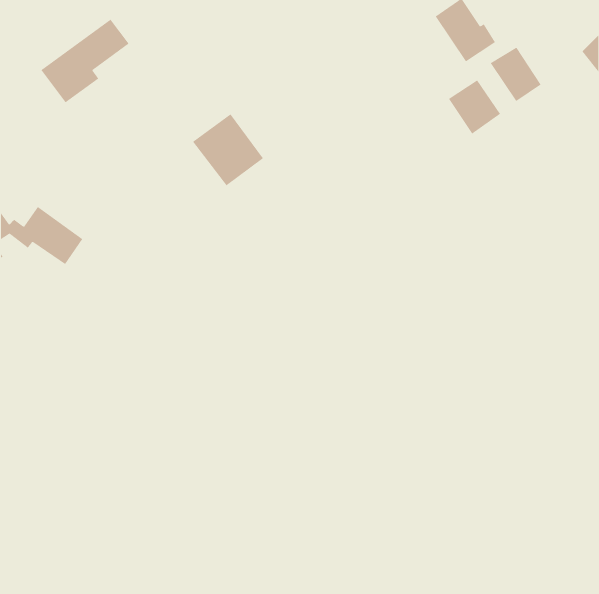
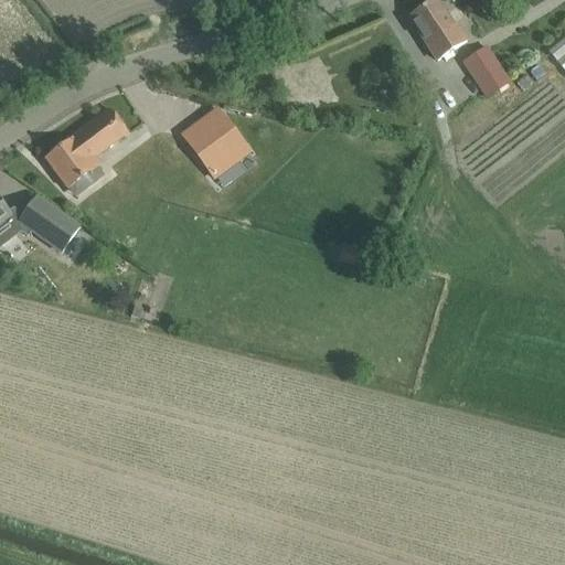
building: [40,19,130,103] -> [44,107,128,186]
building: [448,79,501,135] -> none

